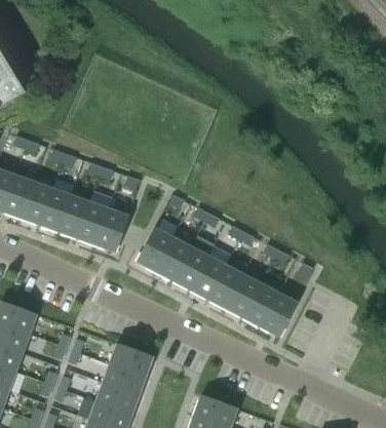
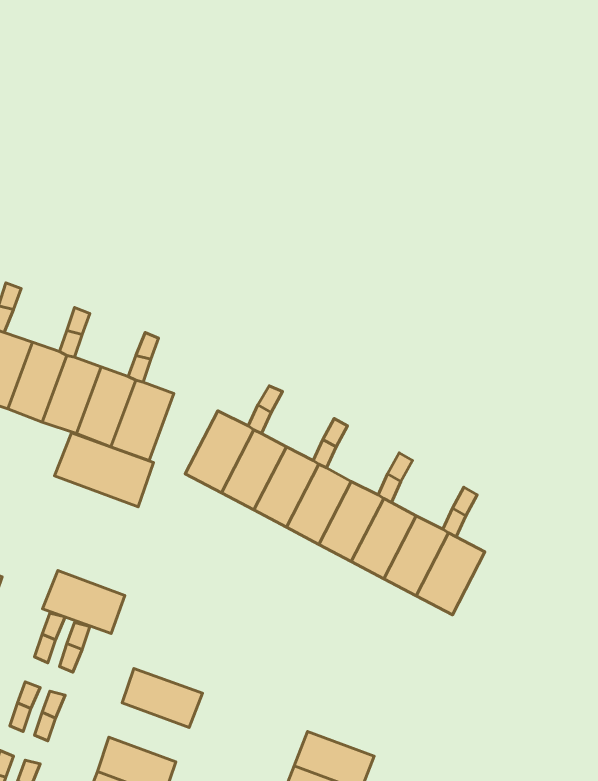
building: none -> [54,433,154,507]
building: [108,344,152,378] -> [43,571,125,634]
building: [94,383,138,415] -> none

